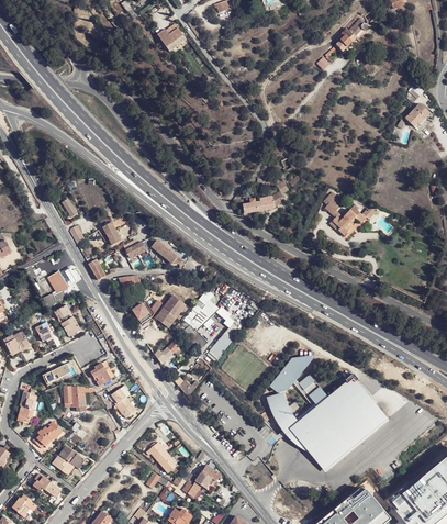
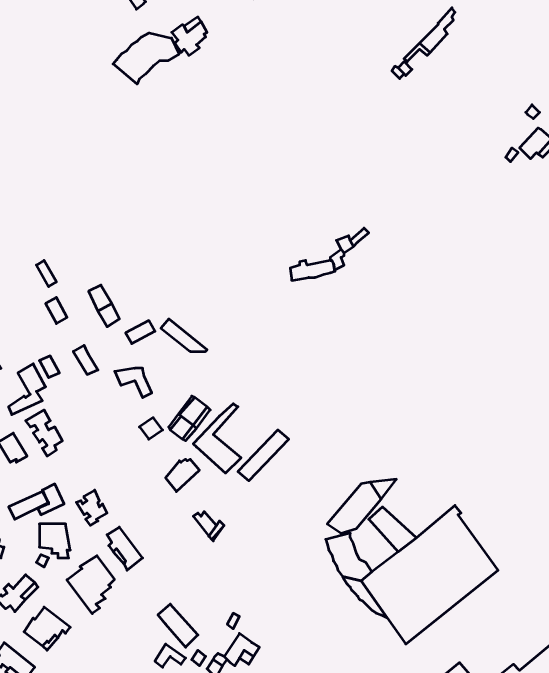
building: none -> [113,33,179,84]
building: [322,192,366,236] -> none
building: none -> [67,556,114,614]

